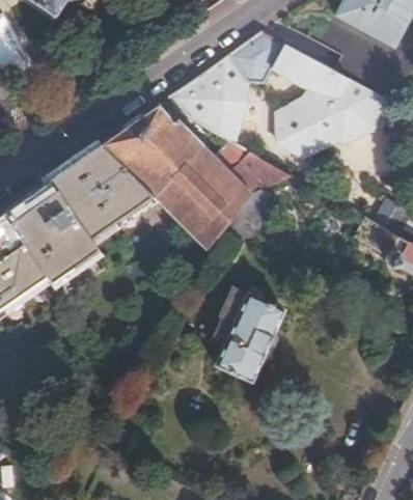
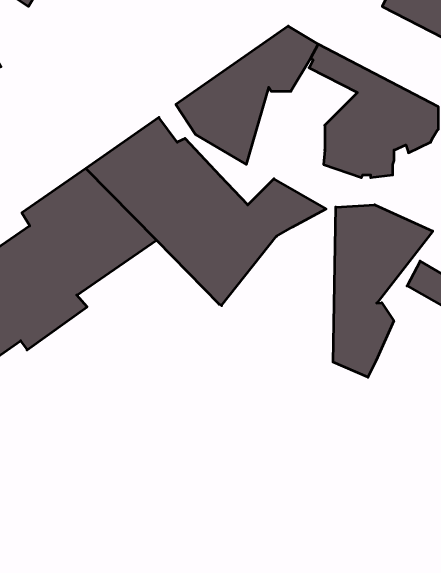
building: none -> [333,205,433,377]
building: [214,294,283,383] -> none

